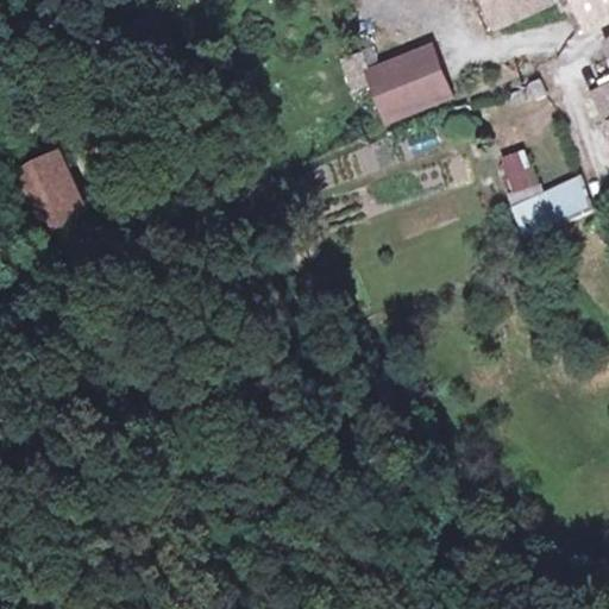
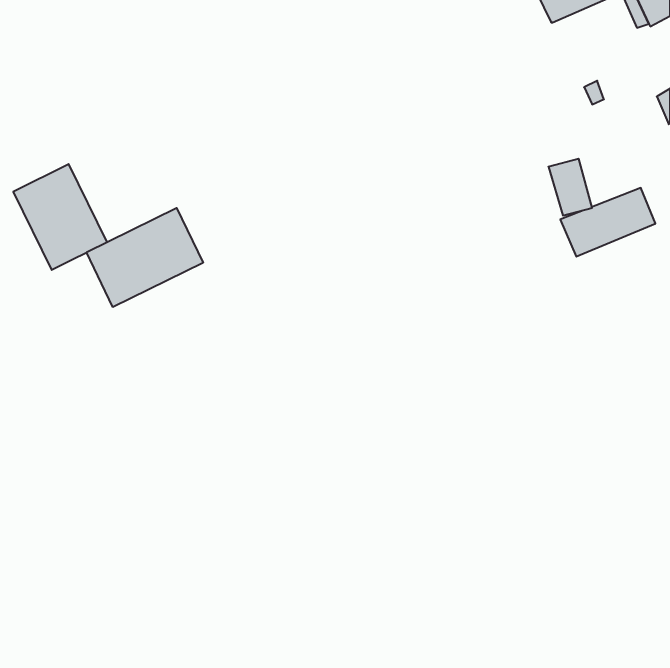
building: [369,42,450,119] -> none
building: none -> [87,208,203,307]

